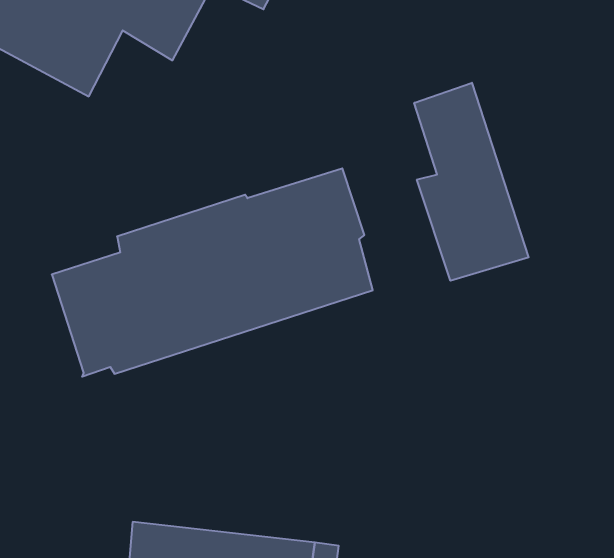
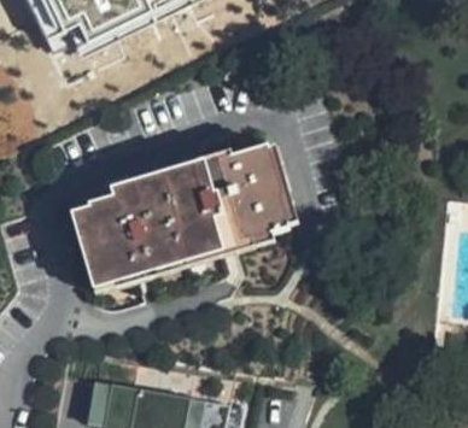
building: [414,83,529,281] -> none

